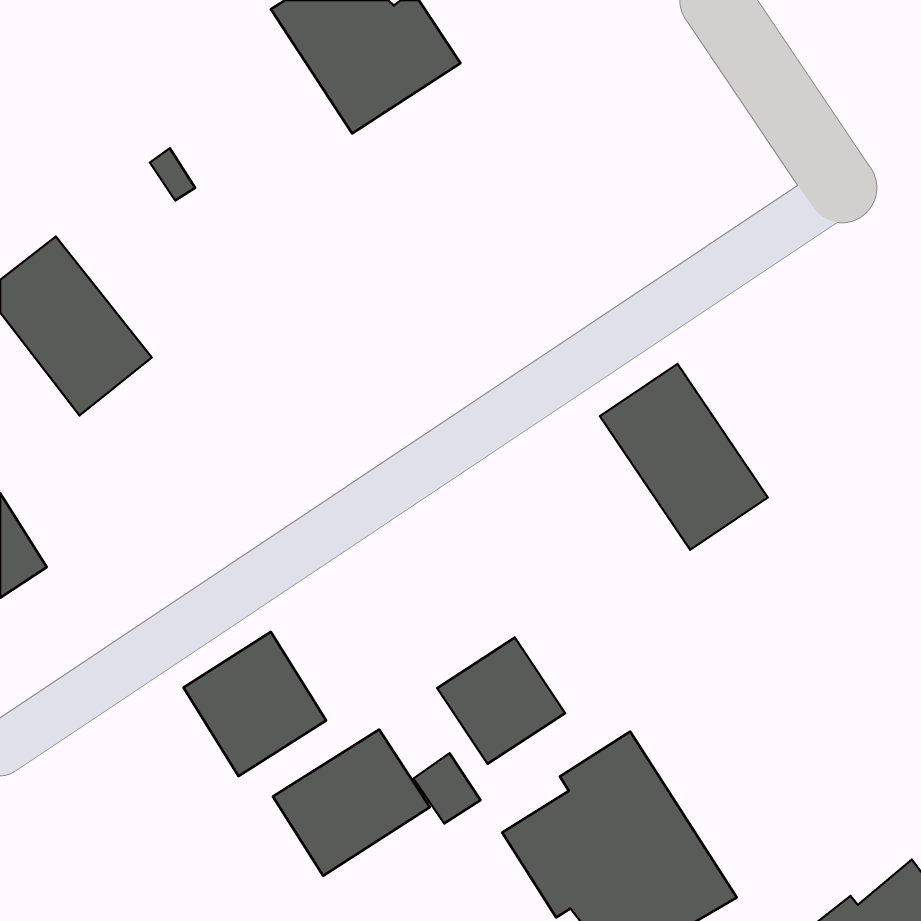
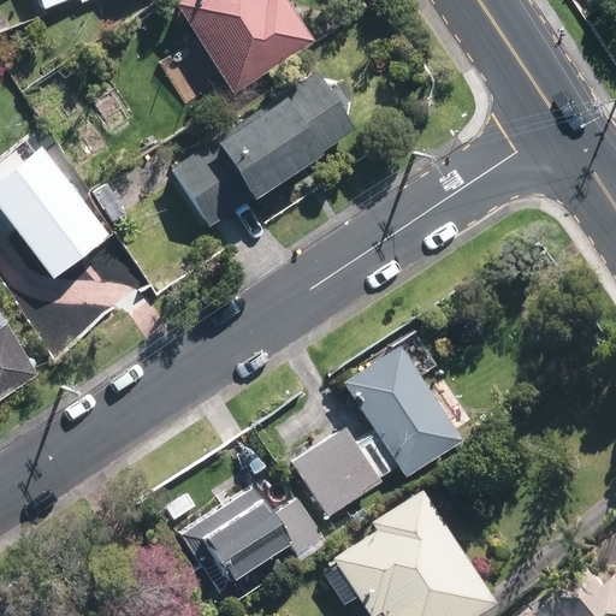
building: none -> [185,84,350,221]
building: [600,364,768,550] -> [345,346,457,470]
building: [183,632,326,776] -> none

